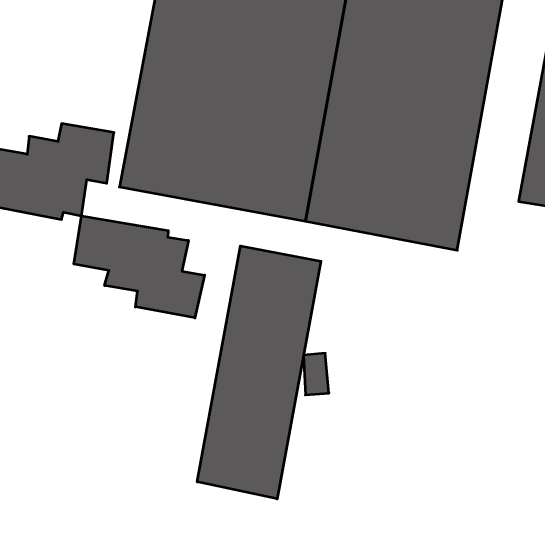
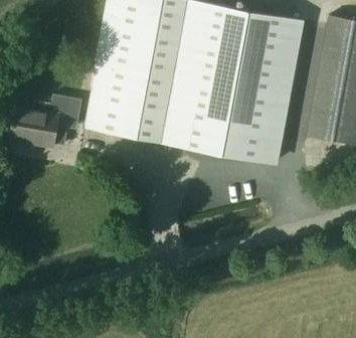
building: [74,216,205,318] -> none
building: [197,246,321,499] -> none

